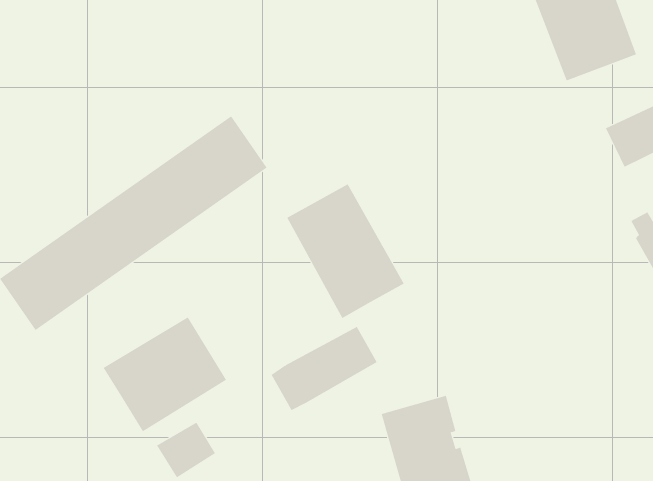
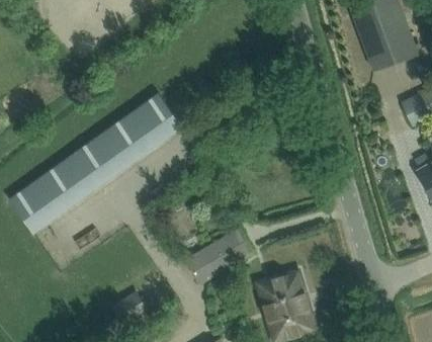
building: [287,184,404,319] -> none
building: [103,316,227,432] -> none

